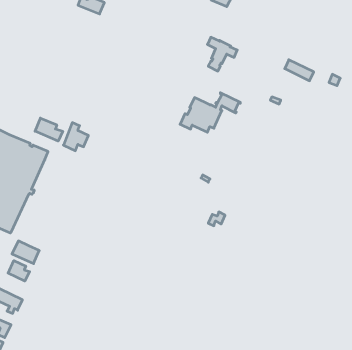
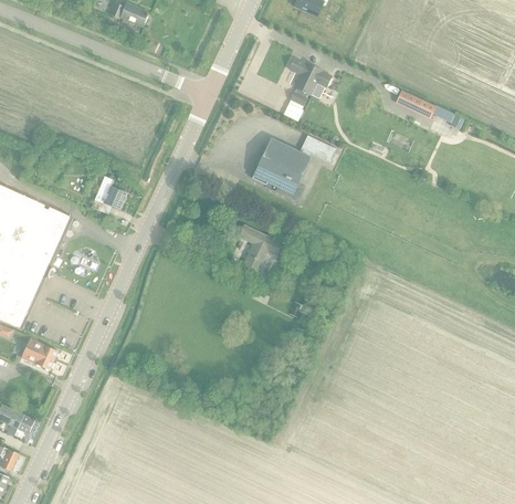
building: [35,118,63,141] -> none
building: none -> [237,225,281,272]
building: [8,261,30,281] -> none

